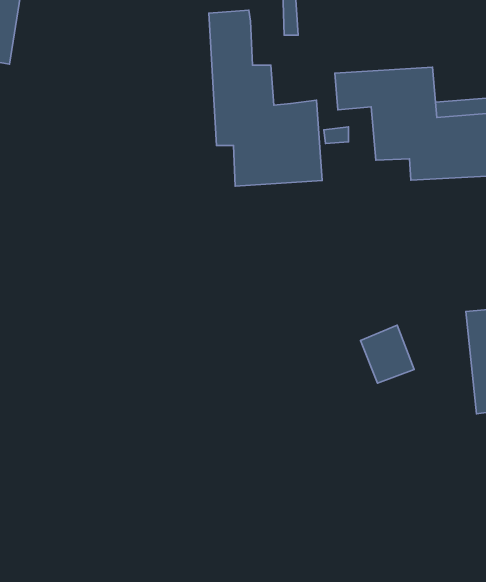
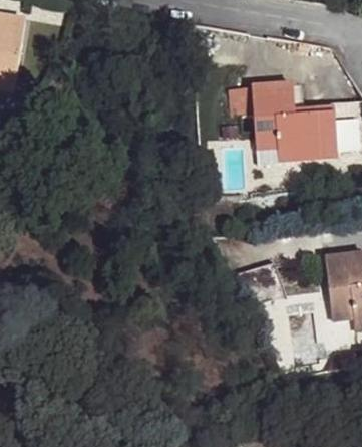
building: [209,10,322,186] -> none

